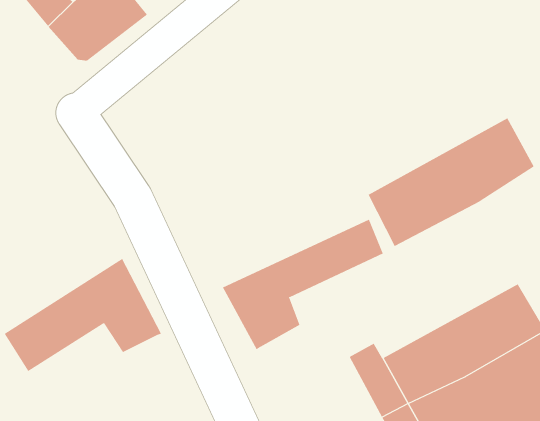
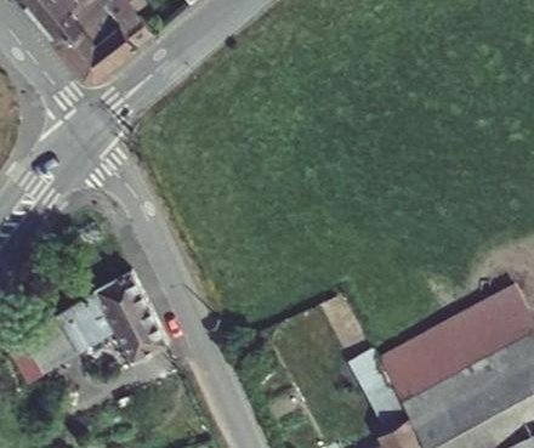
building: [368,117,535,247] -> none
building: [222,219,383,350] -> none

